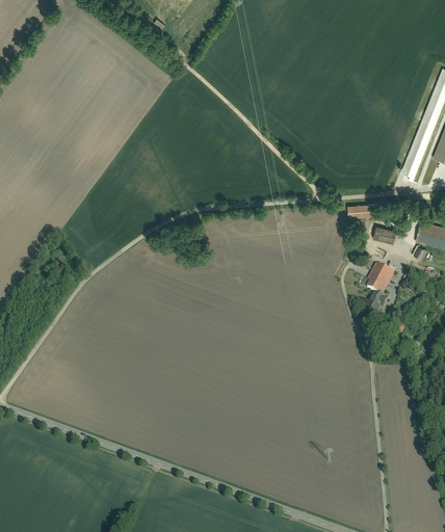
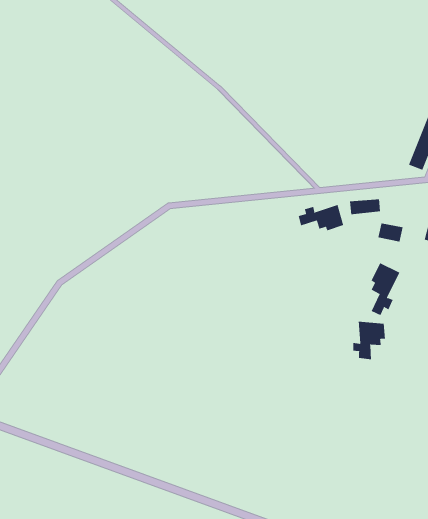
building: none -> [298,204,344,231]
building: none -> [353,321,385,360]

